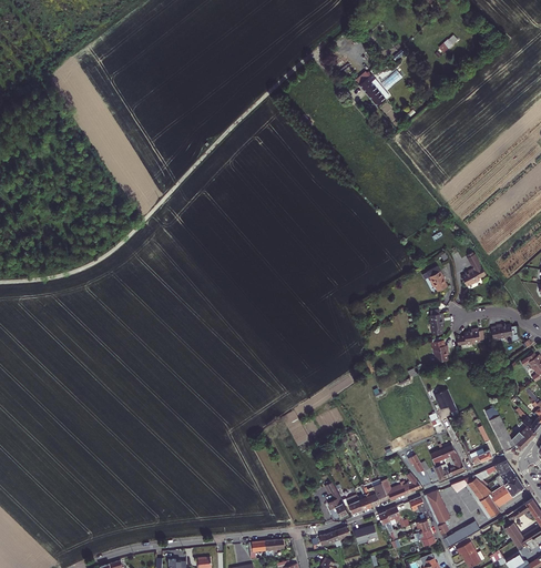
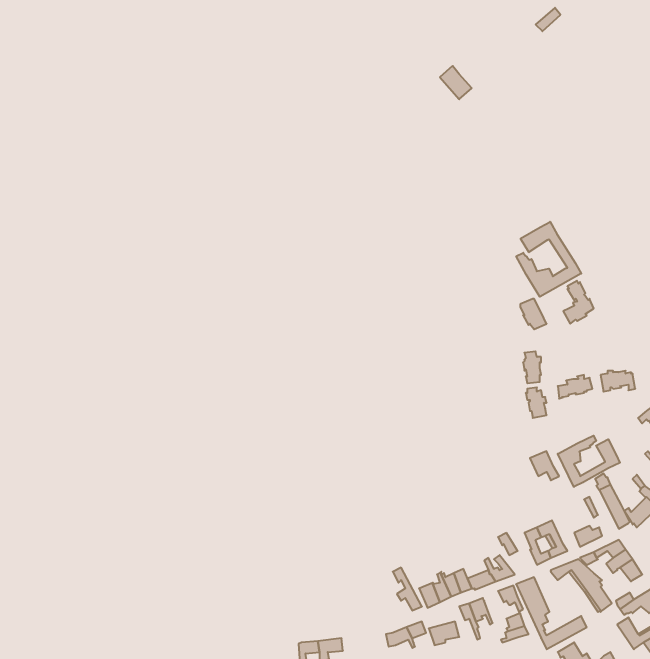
building: none -> [516,222,581,297]
building: none -> [558,436,620,487]

